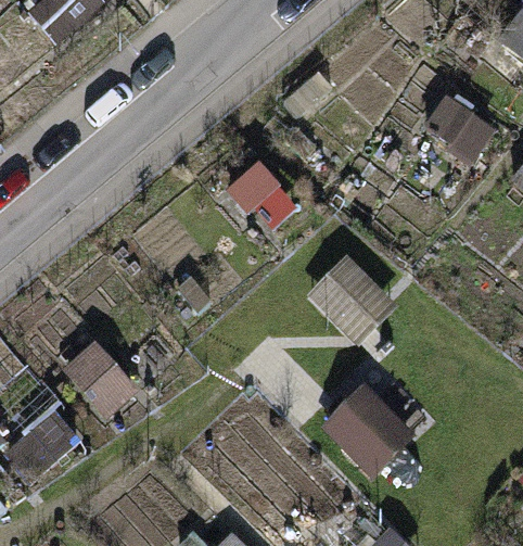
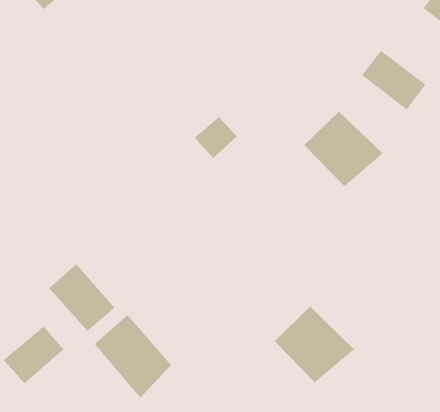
building: [307,255,400,344] -> [304,111,384,187]
building: none -> [94,314,172,399]

